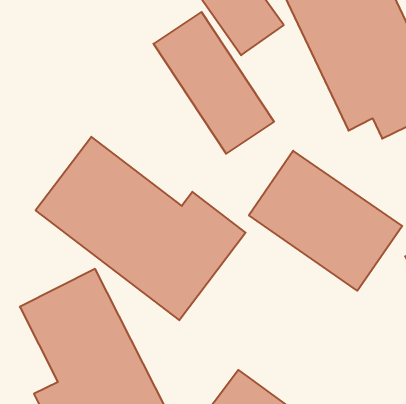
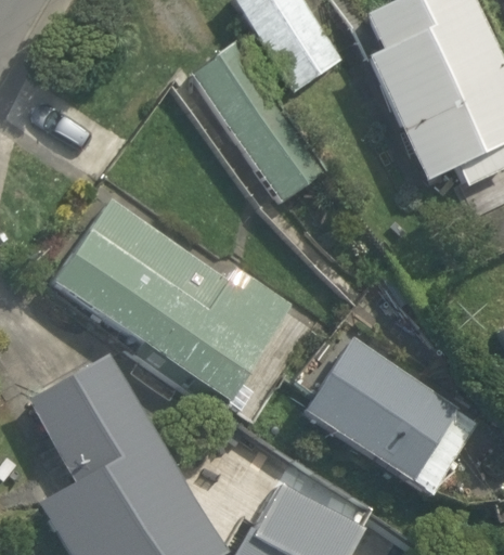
building: [249,151,402,291] -> [297,333,484,504]

